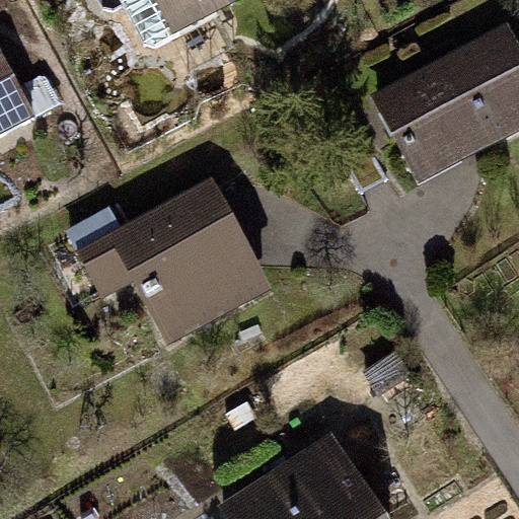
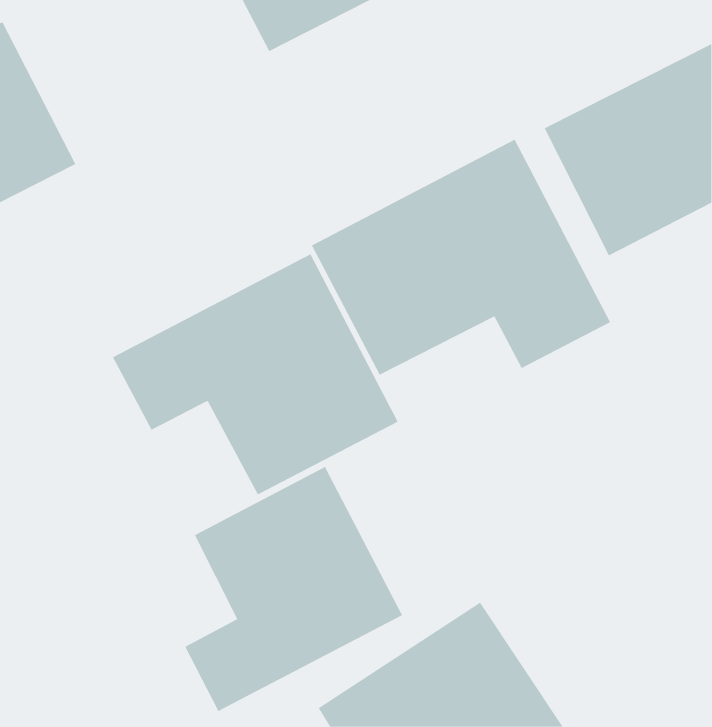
building: none -> [311,139,611,376]
building: none -> [185,466,403,712]

